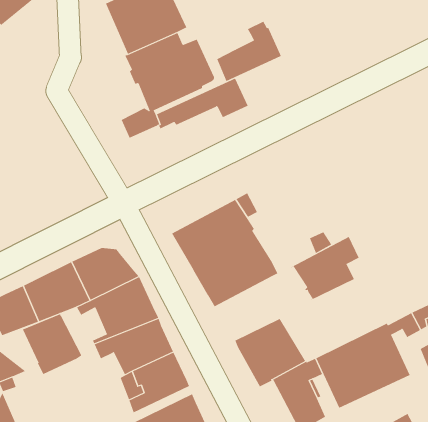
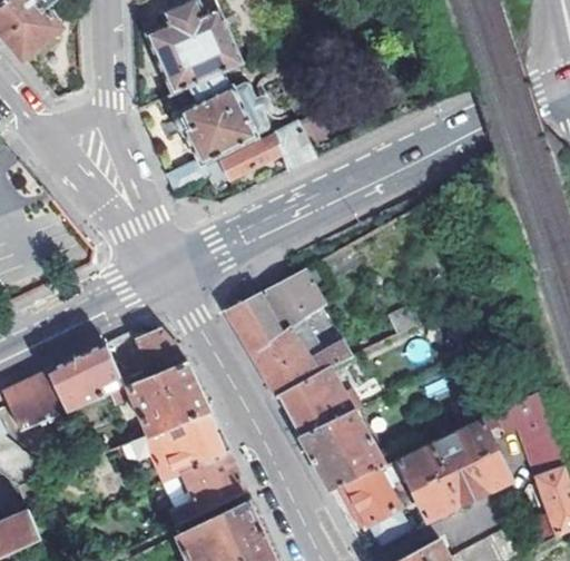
building: [217,21,282,82] -> none
building: [291,236,359,301] -> [275,362,357,439]
building: [22,313,82,375] -> none

